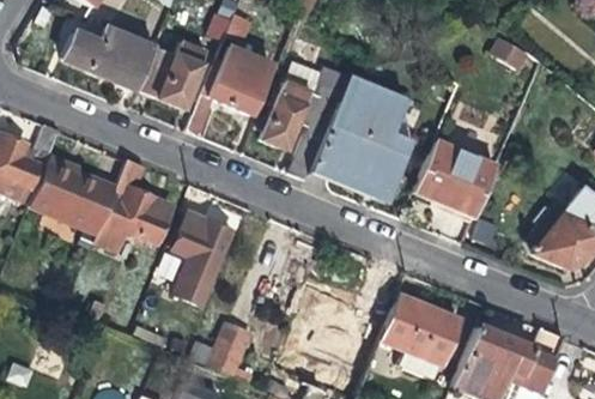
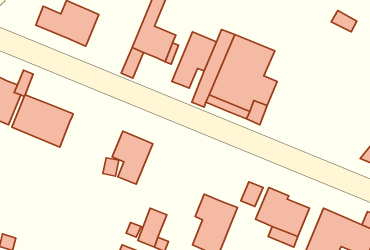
building: [138,40,208,107] -> none
building: [415,140,497,218] -> none
building: [96,159,175,253] -> none

